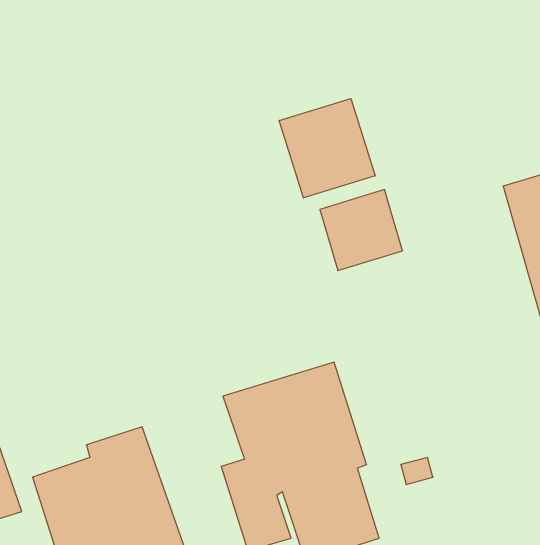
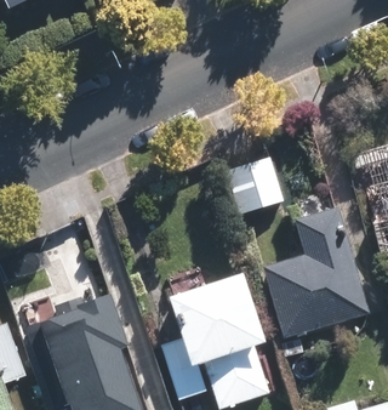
building: [279,99,375,198] -> none
building: none -> [261,206,367,337]

